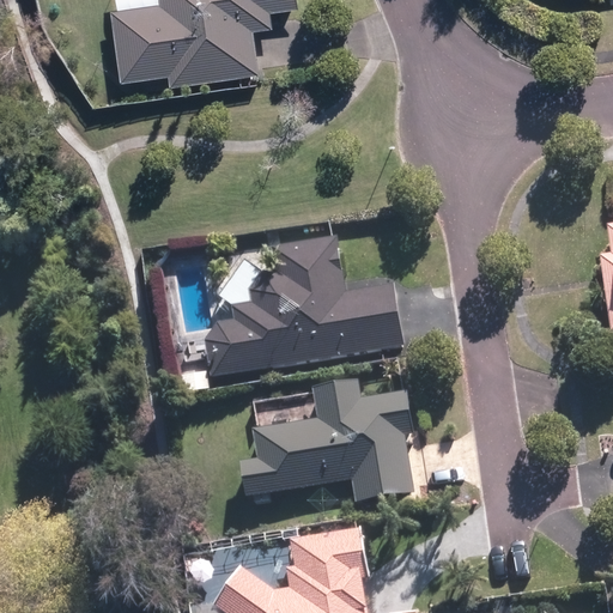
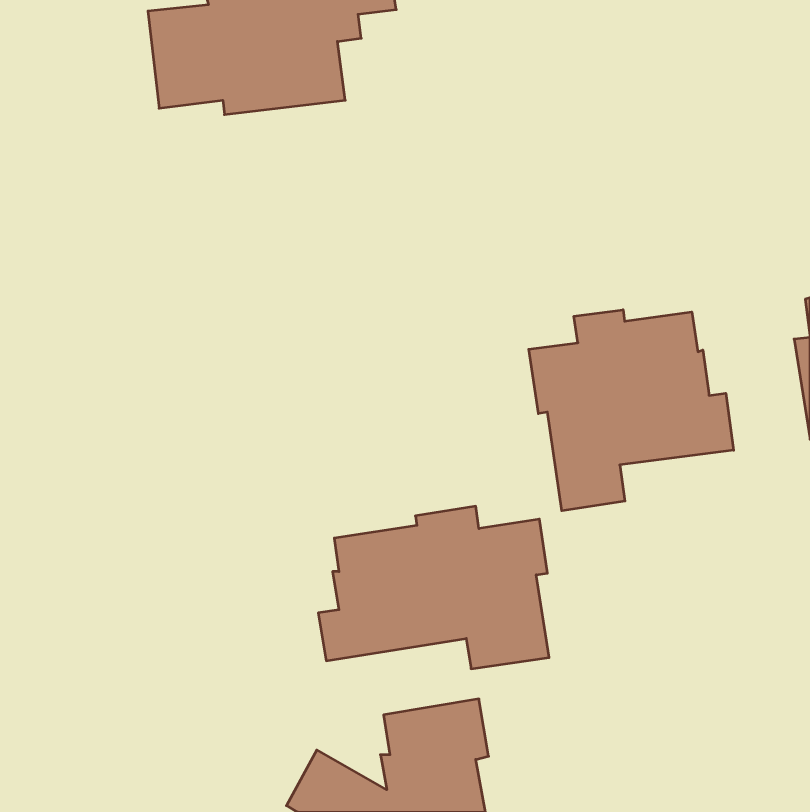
building: none -> [529,310,734,511]
building: [204,237,406,376] -> none

